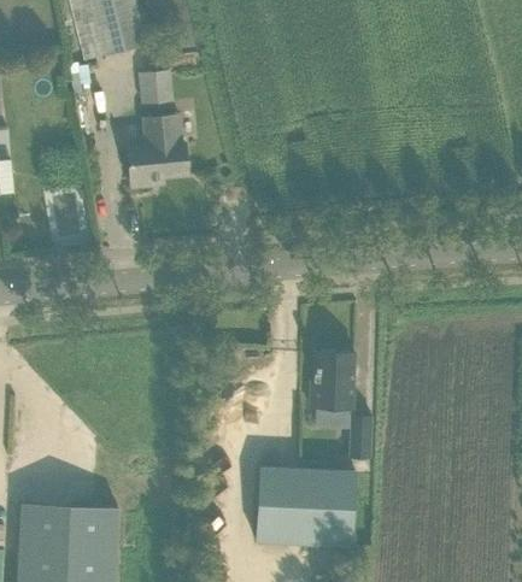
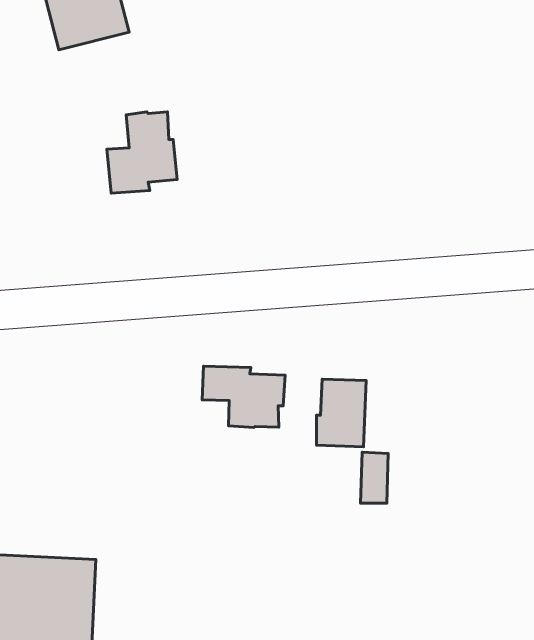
building: [139,70,172,104] -> none
building: none -> [202,366,285,427]
building: [257,465,354,546] -> none

